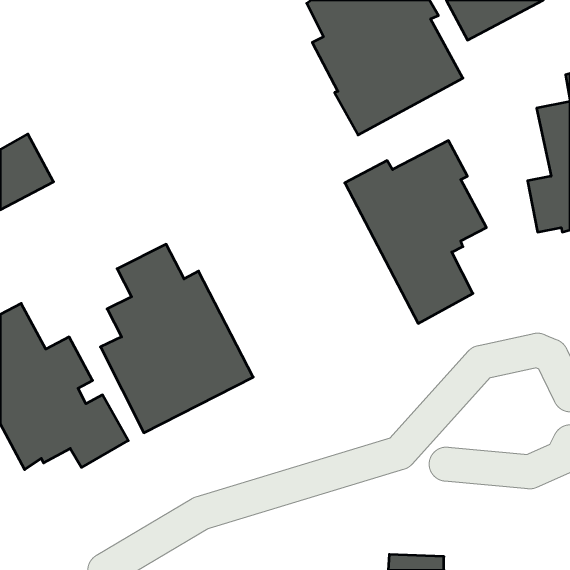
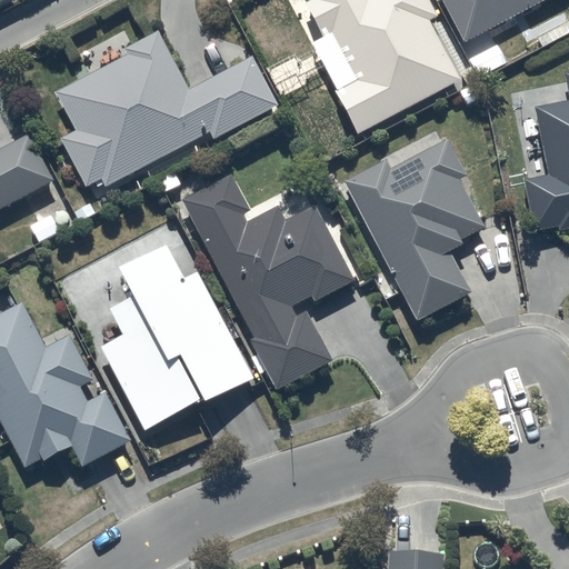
building: none -> [54,32,277,188]
building: none -> [182,176,358,390]

